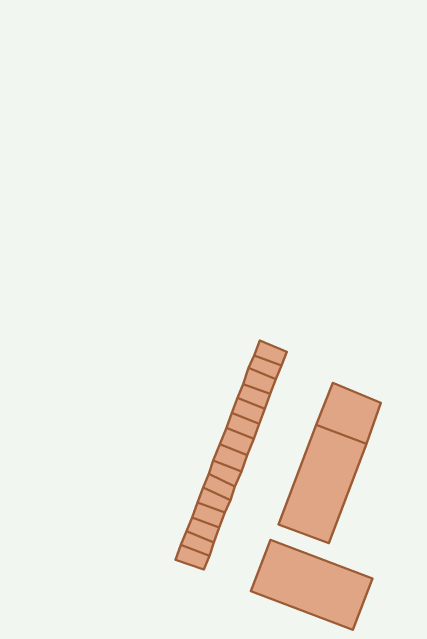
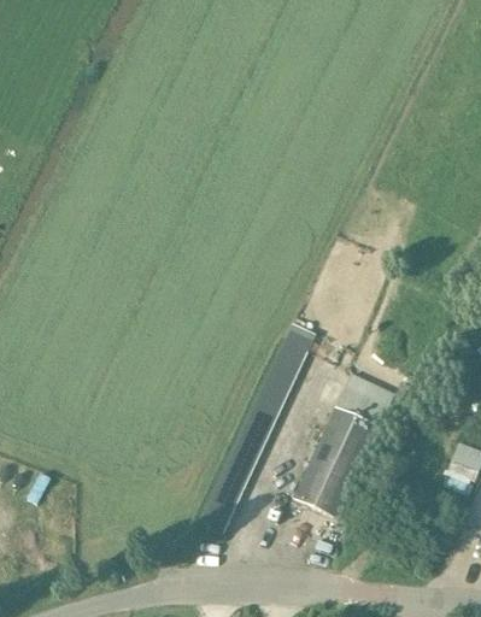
building: [251,540,373,630] -> none

